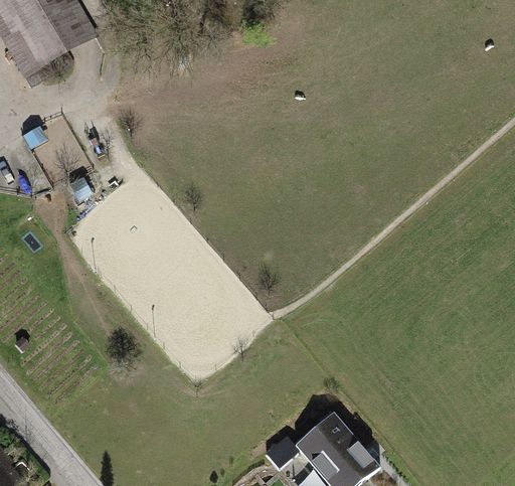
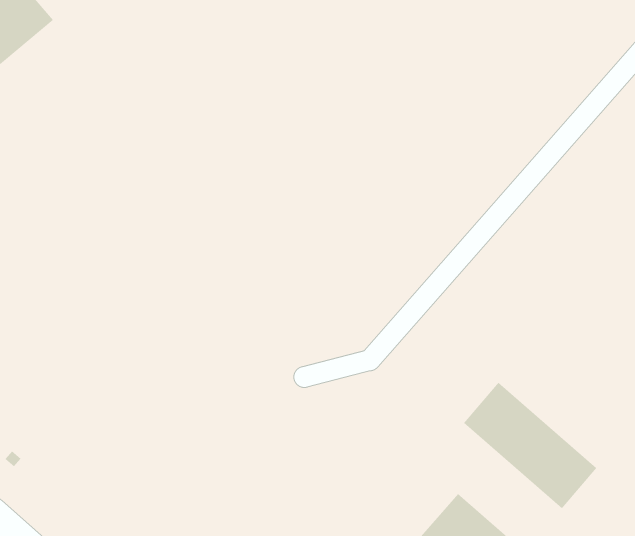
building: none -> [463,382,597,509]

